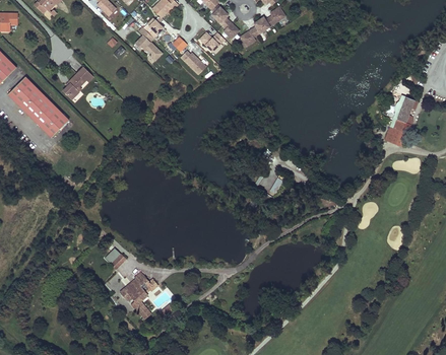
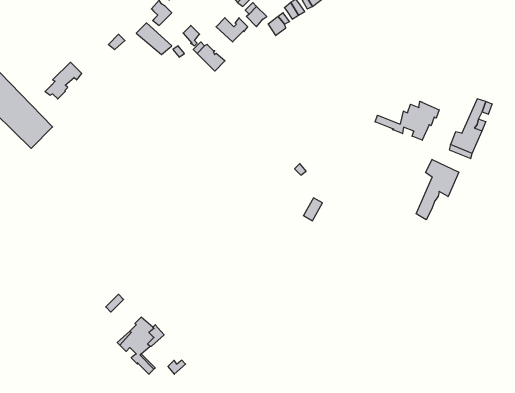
building: none -> [375,101,439,140]
building: none -> [416,159,459,220]

